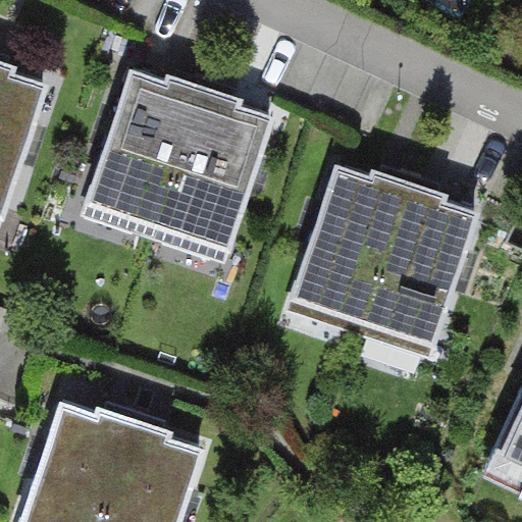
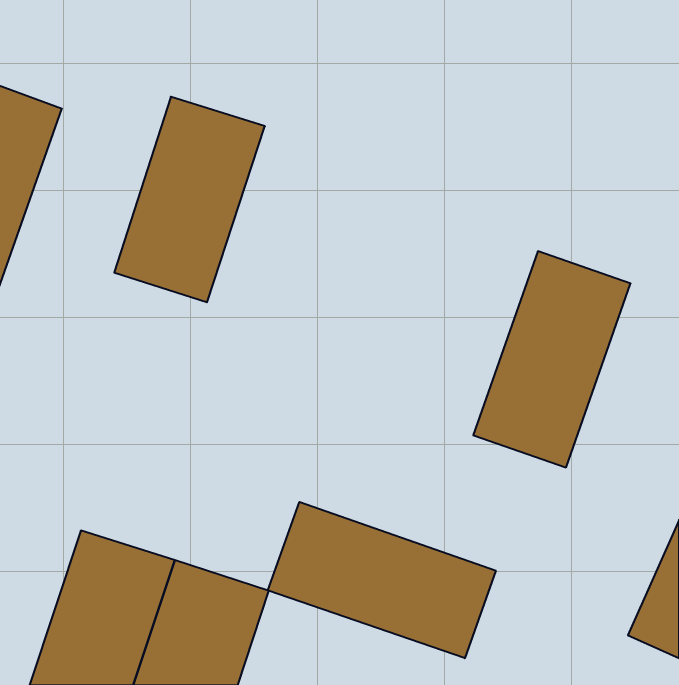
building: [157,96,271,253] -> none
building: [289,166,408,330] -> none
building: none -> [268,502,496,658]

